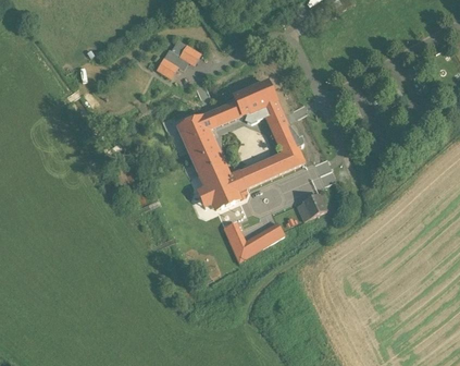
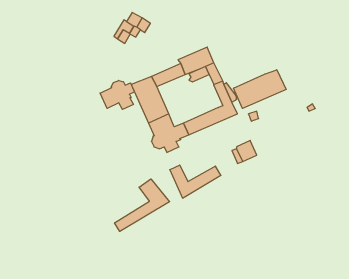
building: none -> [234,70,286,108]
building: none -> [100,80,135,109]
building: none -> [115,179,170,231]

